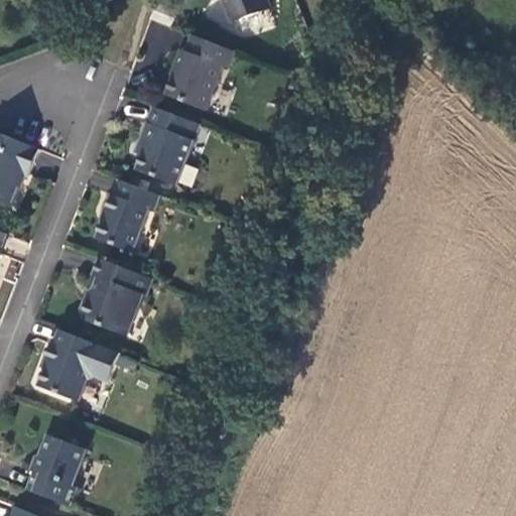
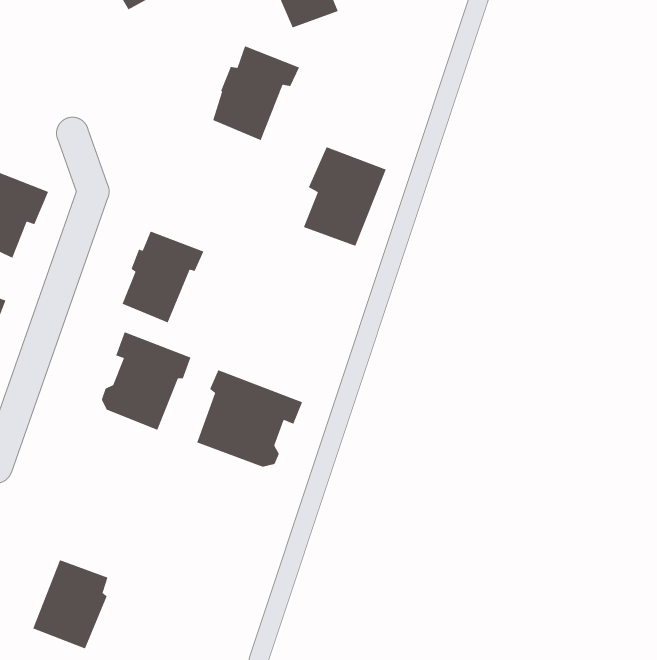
building: [134,107,200,185] -> [303,146,387,247]
building: none -> [196,369,303,467]
building: [36,329,117,402] -> none

